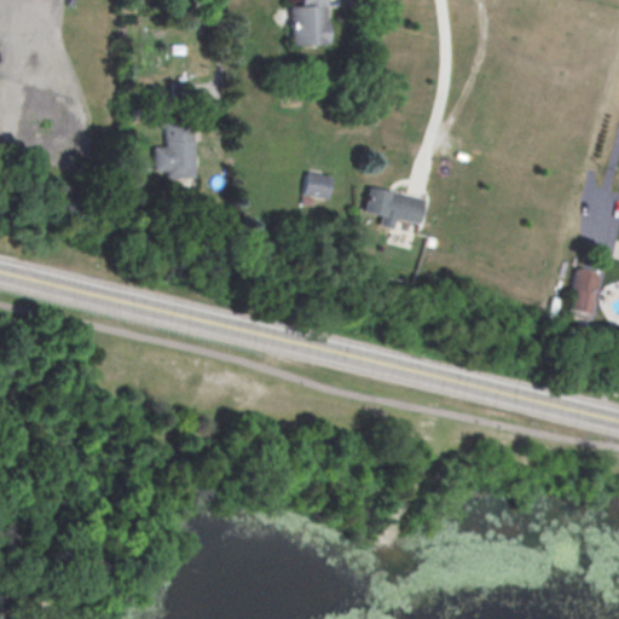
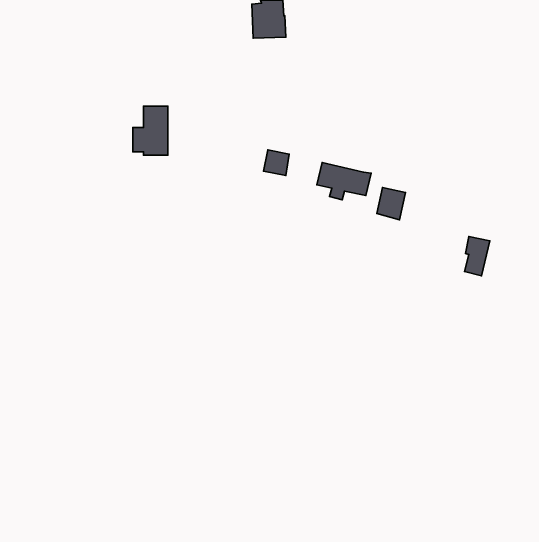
building: none -> [377,187,406,220]
building: [573,270,602,314] -> [464,236,490,276]

